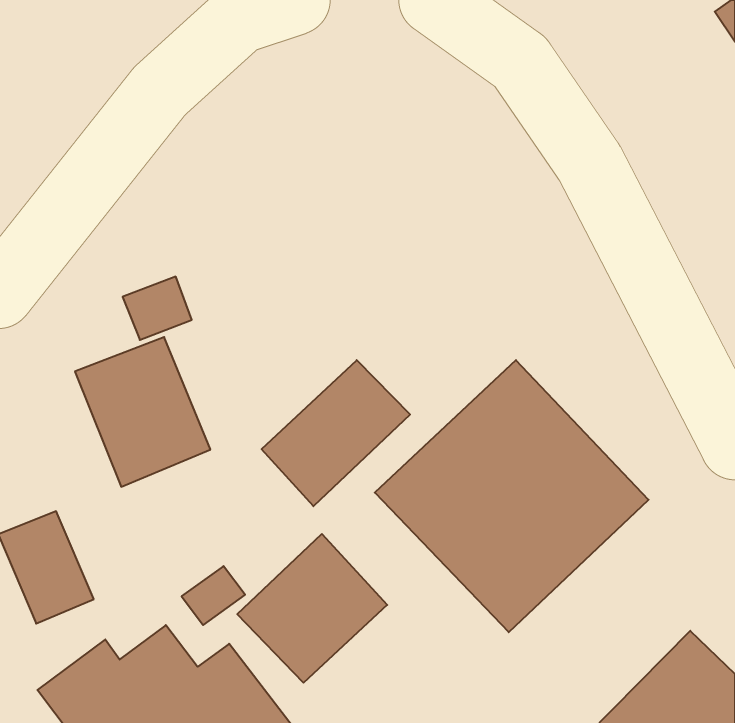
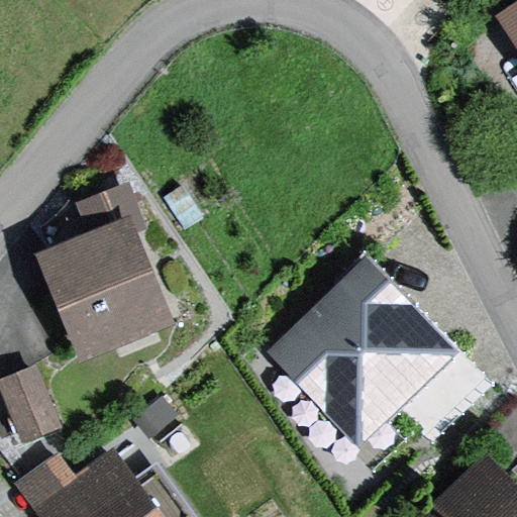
building: [262,360,410,506] -> none
building: [237,534,387,683] -> none

